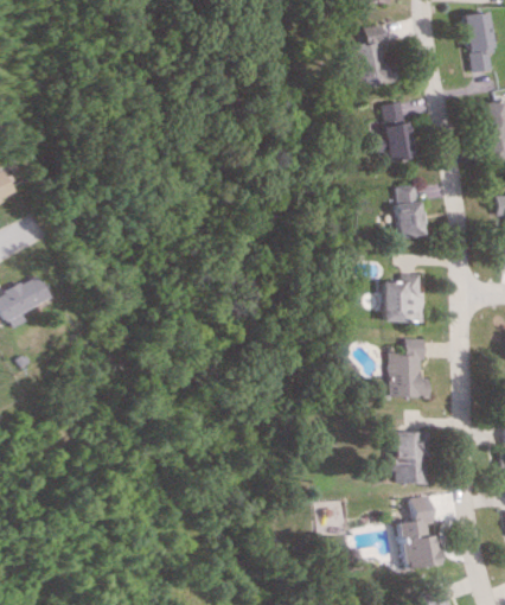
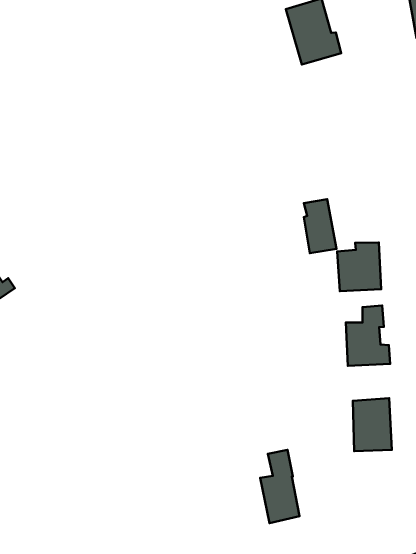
building: [383,101,415,160] -> none
building: [396,184,427,237] -> [304,199,337,253]
building: [392,496,429,568] -> [260,450,299,523]

